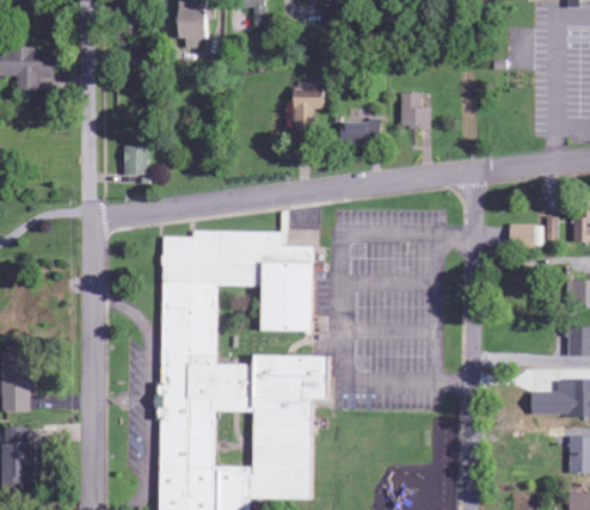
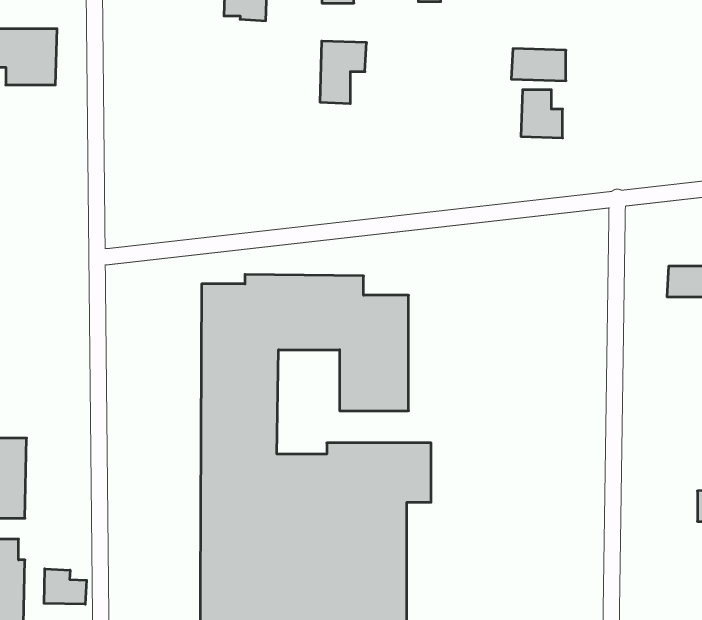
building: [289,85,324,131] -> [320,41,367,104]
building: [339,119,380,143] -> [511,49,566,81]
building: [122,145,146,174] -> none
building: none -> [44,569,87,604]

